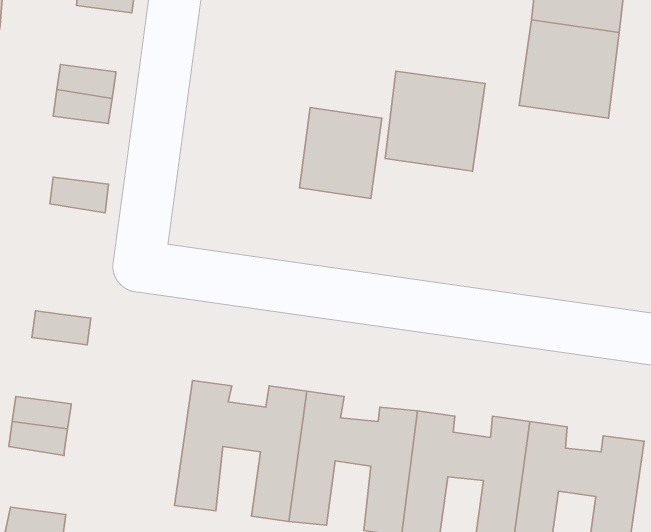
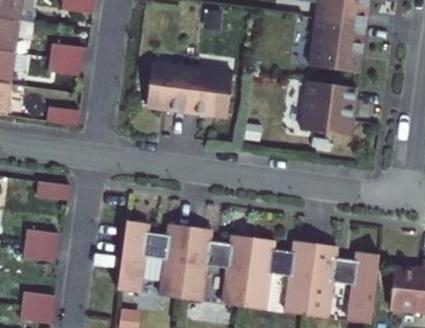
building: [385,71,485,171] -> [301,81,357,137]
building: none -> [146,62,192,112]

